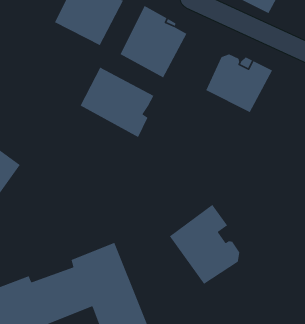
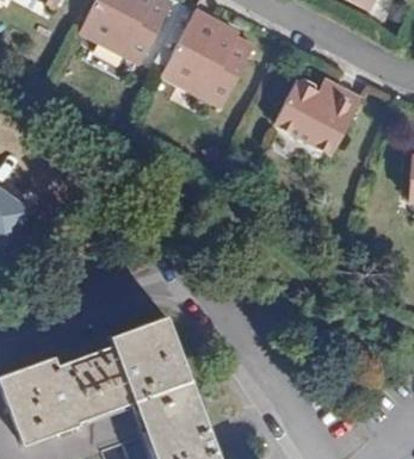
building: [80,67,154,138] -> none
building: [169,204,240,285] -> none

